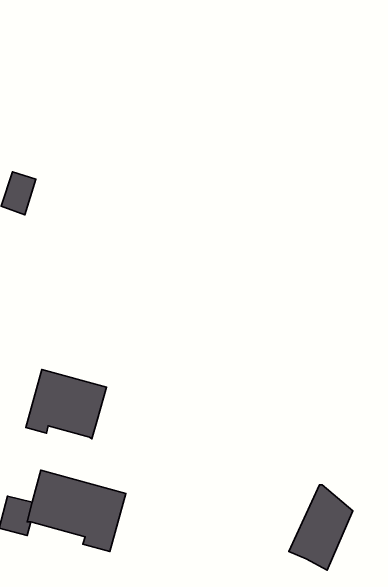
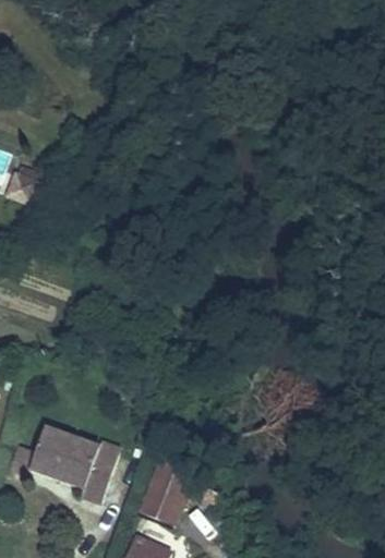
building: [26,370,106,439] -> none
building: [289,485,353,570] -> [139,450,195,525]

